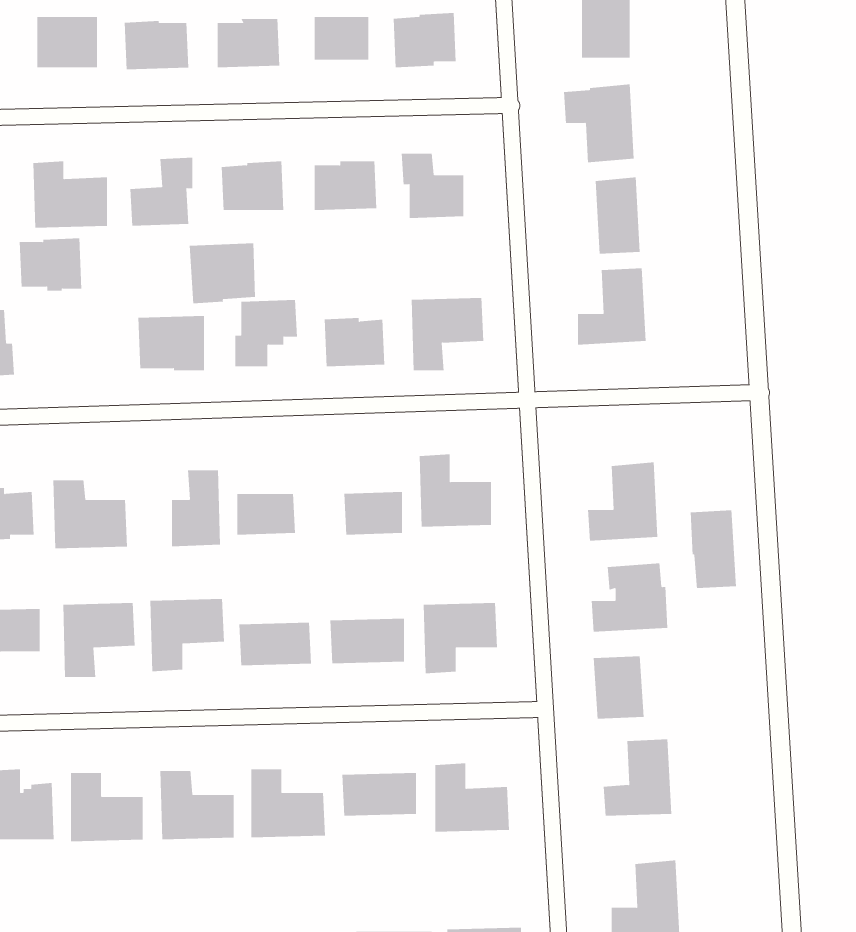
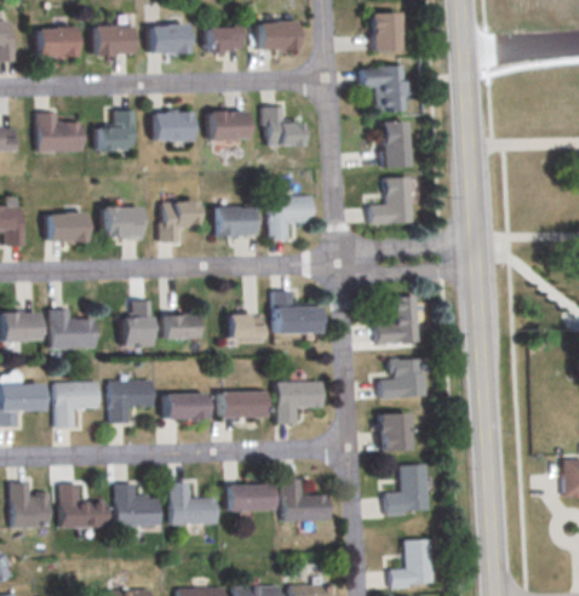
building: [19,238,82,291] -> [47,212,86,245]
building: [189,242,256,304] -> none
building: [690,510,737,589] -> none

